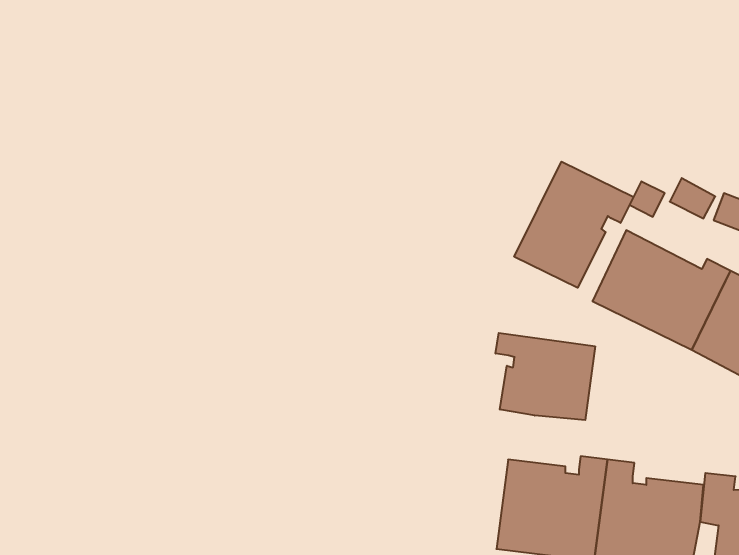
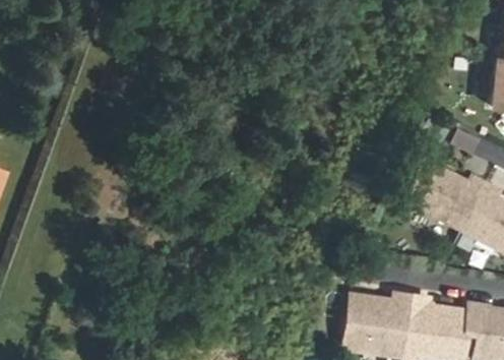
building: [514,162,633,288] -> none
building: [496,333,595,420] -> none

